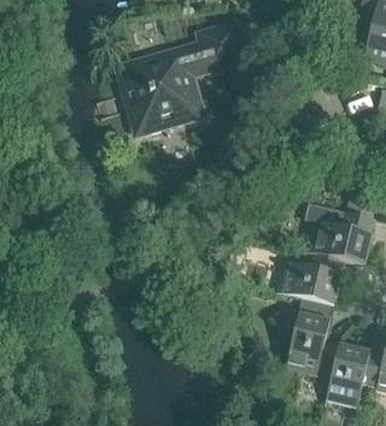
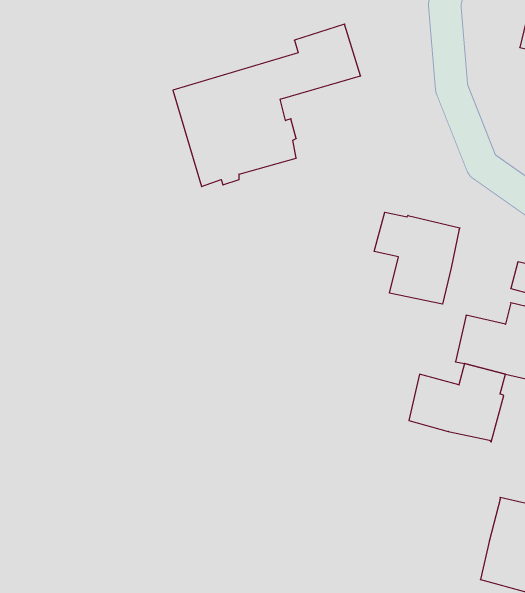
building: none -> [374,212,460,304]
building: [286,297,339,374] -> none

